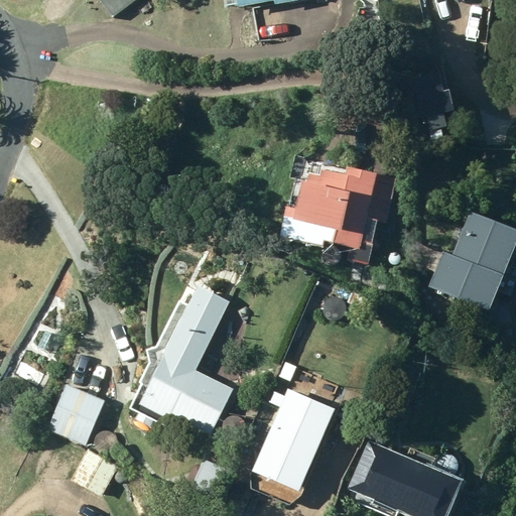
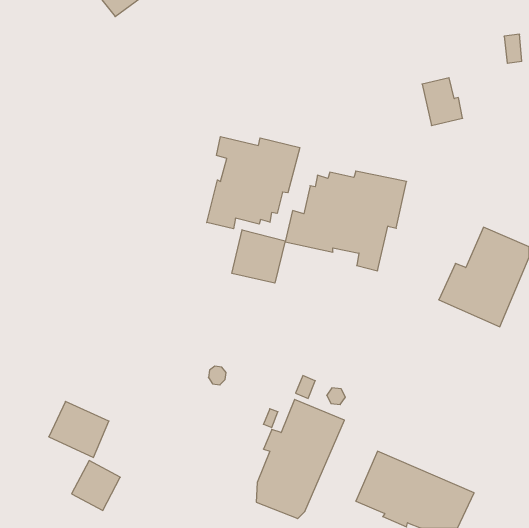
building: none -> [207,137,300,229]
building: none -> [232,230,285,283]
building: [139,284,232,434] -> none

